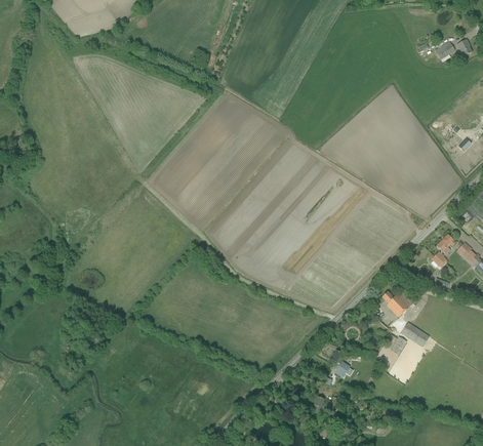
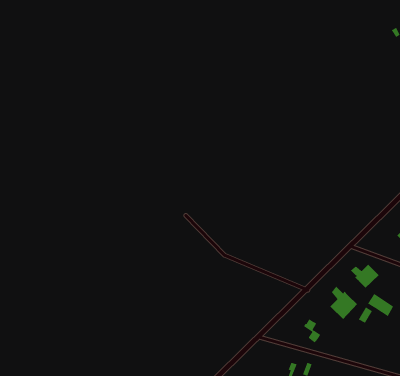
building: none -> [329,286,358,320]

